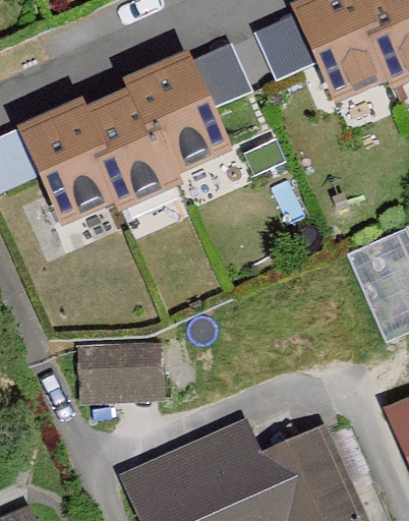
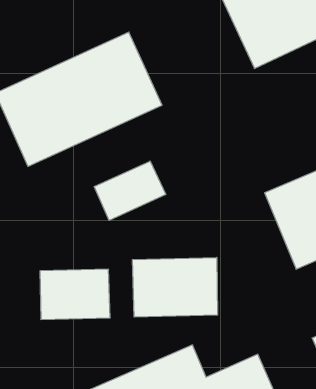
building: none -> [94,161,166,220]
building: none -> [132,257,218,317]

